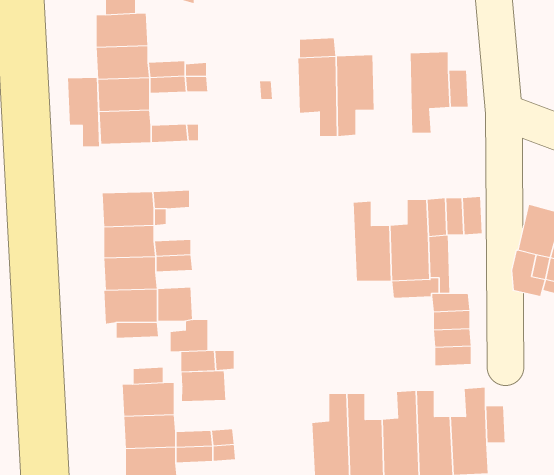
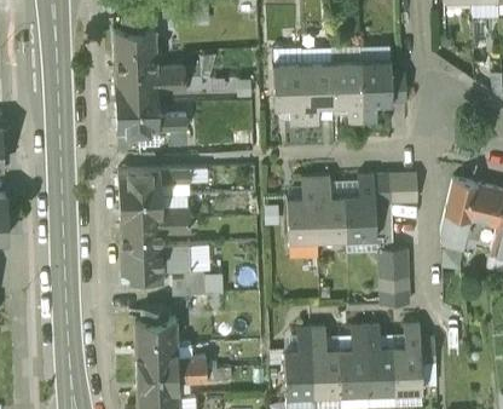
building: none -> [331,61,362,123]
building: [68,77,99,147] -> none
building: none -> [287,178,318,241]
building: [181,371,226,402] -> none

